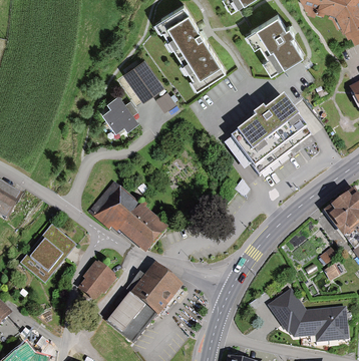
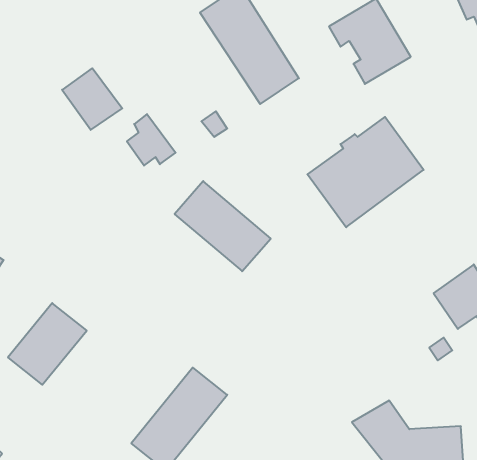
building: [124,54,166,97] -> [62,68,122,130]
building: [101,185,168,248] -> [175,181,271,271]
building: [82,260,116,295] -> none

